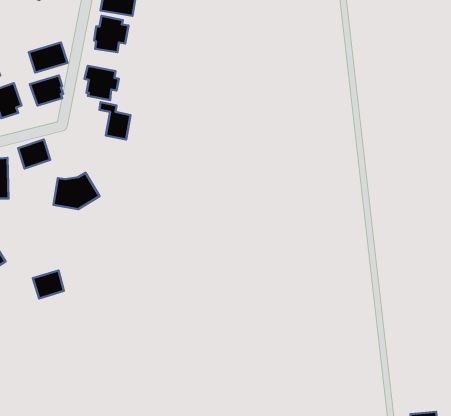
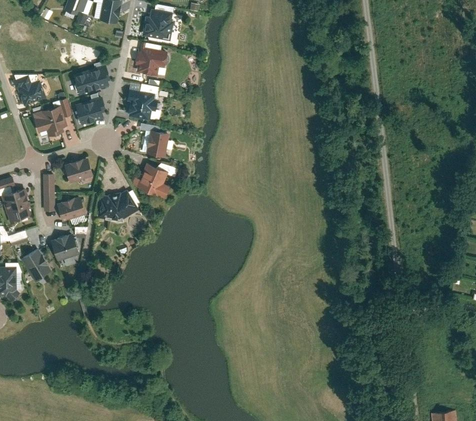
building: none -> [137,163,169,198]
building: none -> [57,195,87,222]
building: [33,271,64,298] -> [51,234,80,260]

